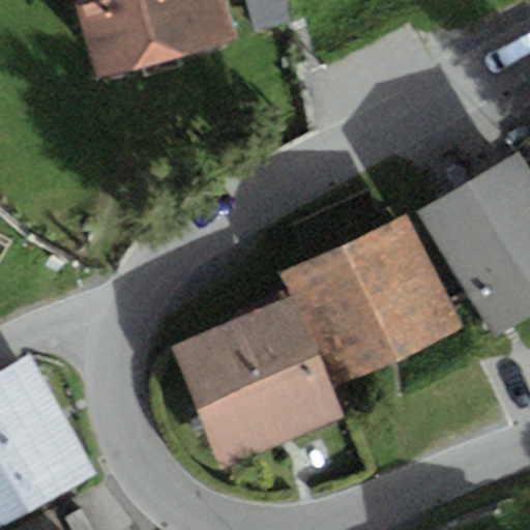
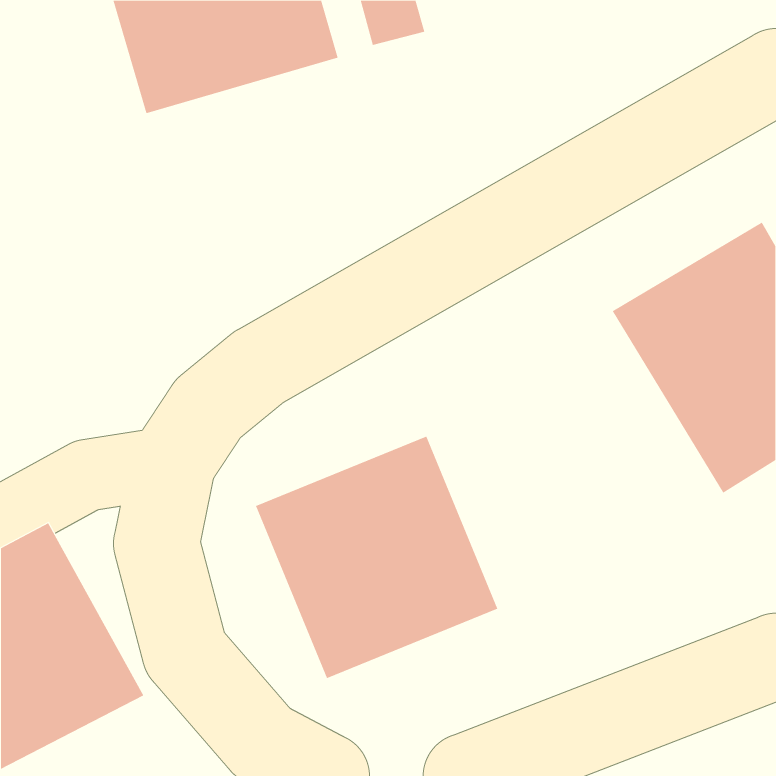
building: [290,218,459,384] -> none

